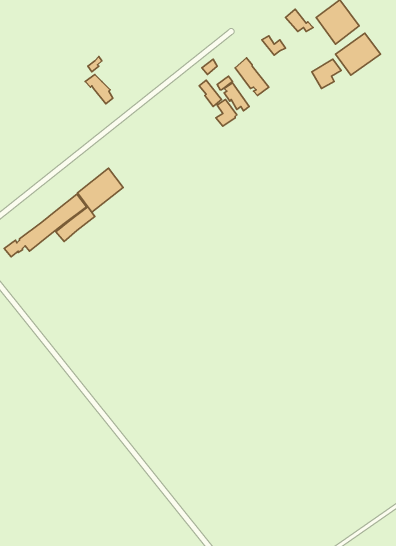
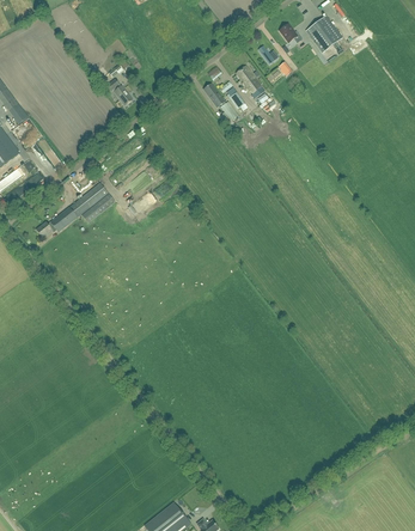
building: [335,33,380,75] -> none
building: [77,168,123,212] -> none

